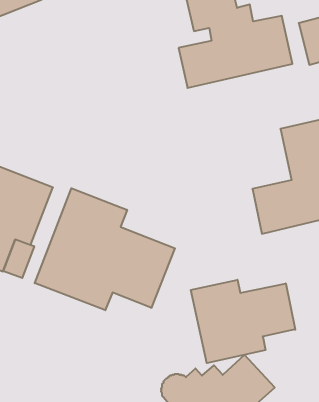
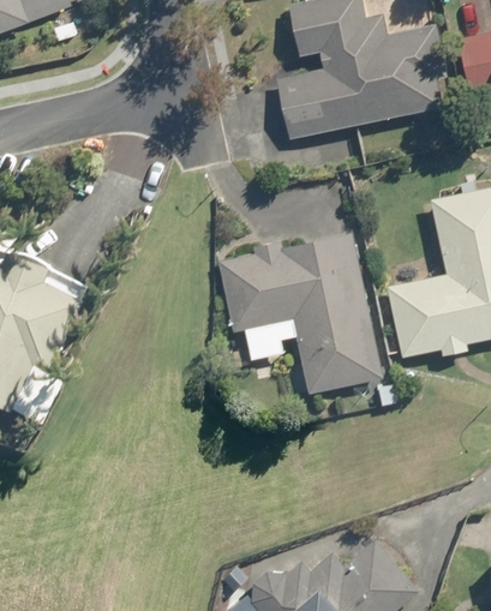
building: none -> [218,235,379,389]
building: [35,188,175,310] -> none
building: [191,280,295,363] -> none

